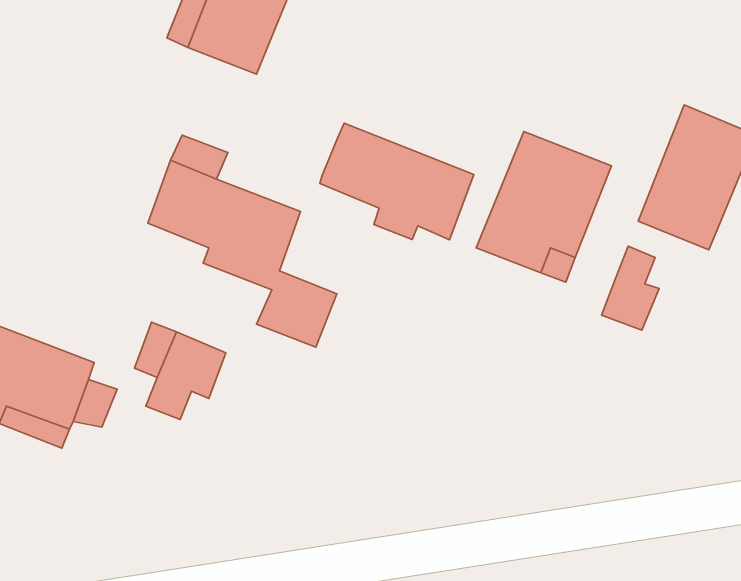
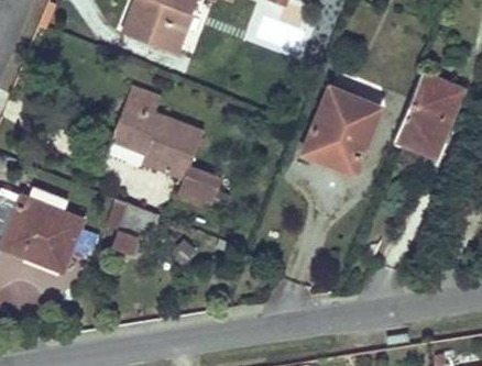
building: [320,123,474,240] -> none
building: [602,246,659,330] -> none

